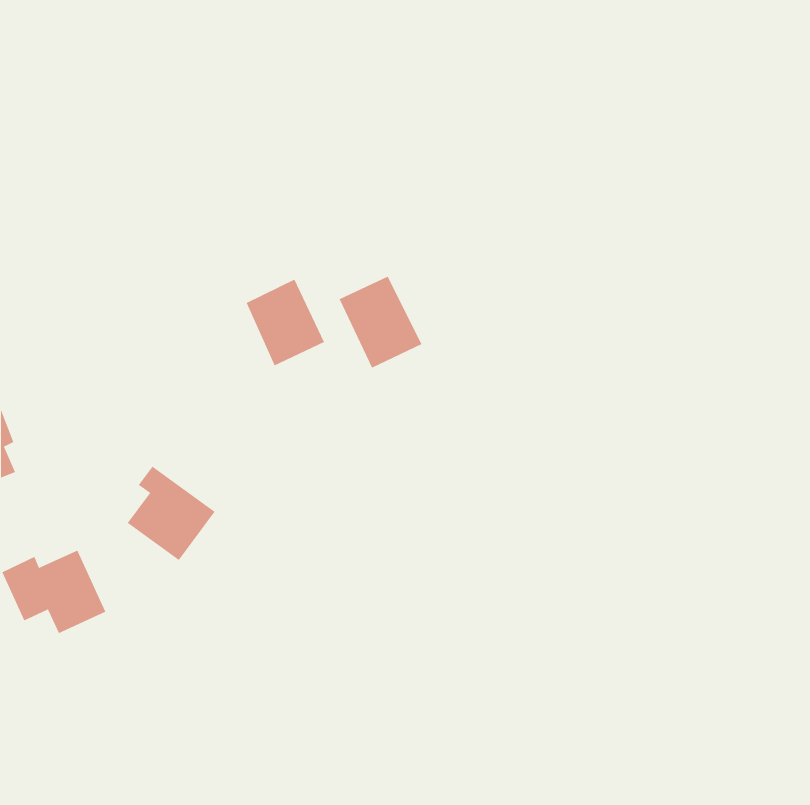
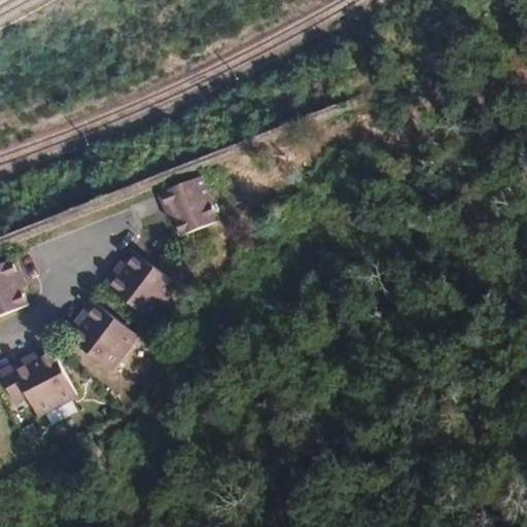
building: [339,276,422,369] -> none
building: none -> [110,257,174,312]

